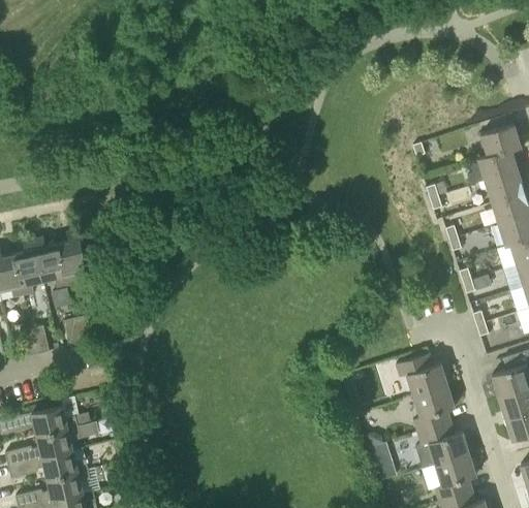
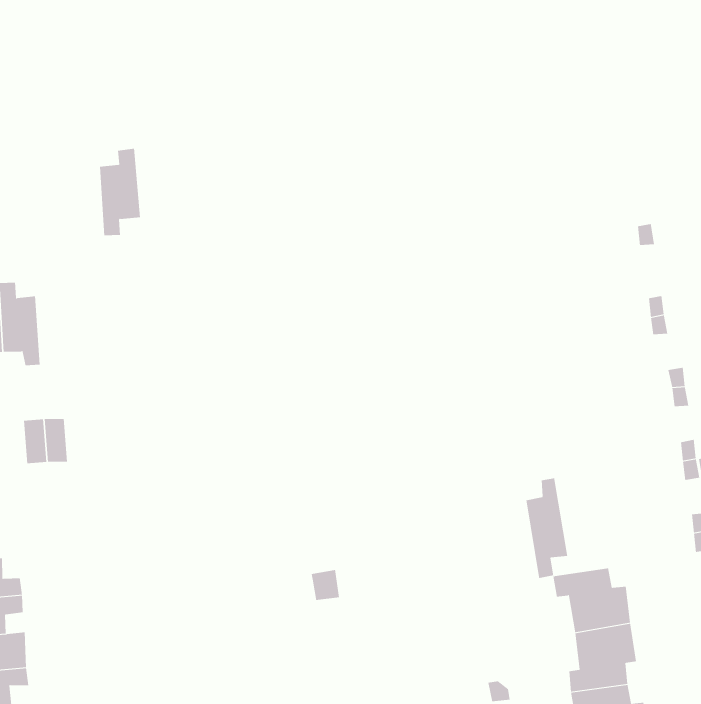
building: [58,230,88,286] -> [99,148,141,236]
building: none -> [526,478,568,579]

